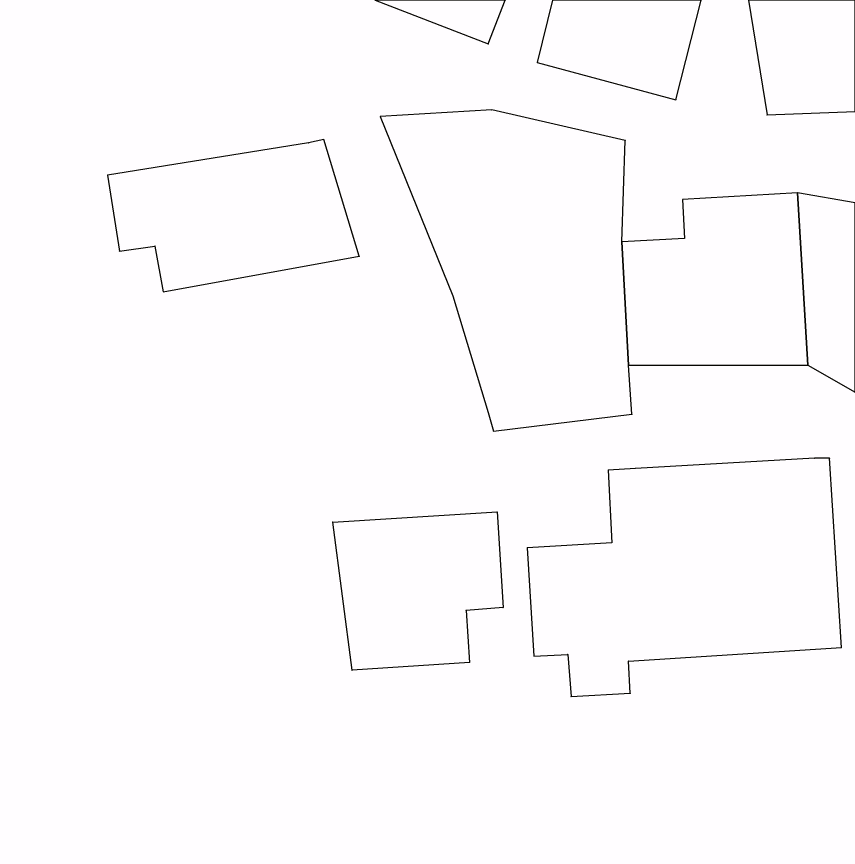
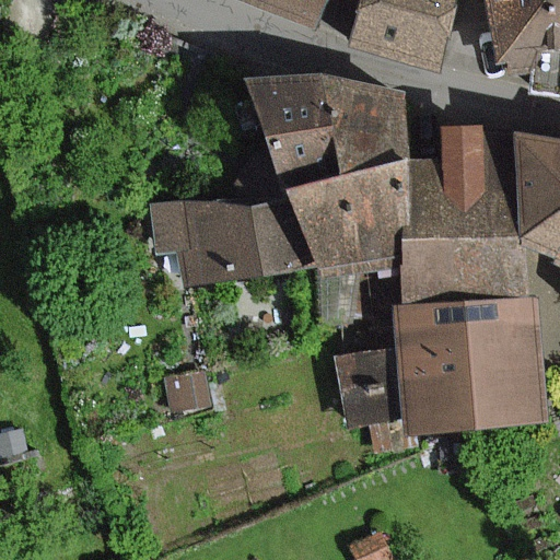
building: [108,140,359,292] -> [153,191,316,290]
building: none -> [407,236,527,303]
building: [333,512,503,670] -> none

